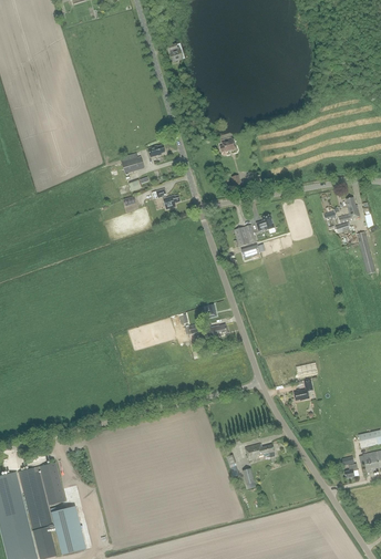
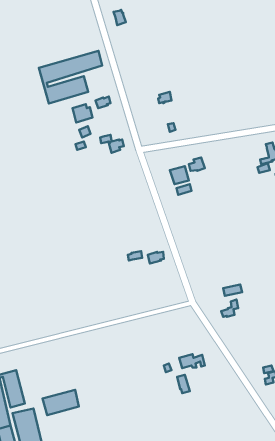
building: none -> [39,51,102,103]
building: none -> [42,390,79,415]

